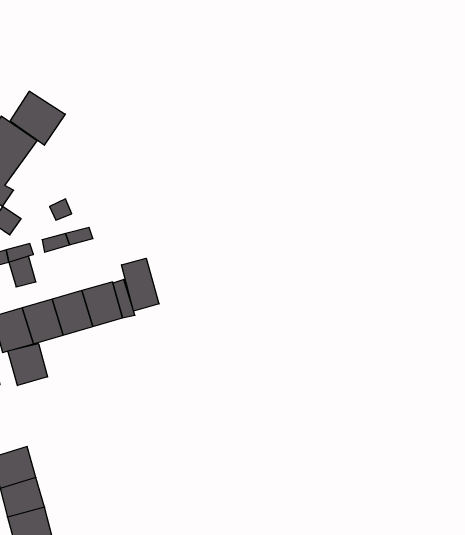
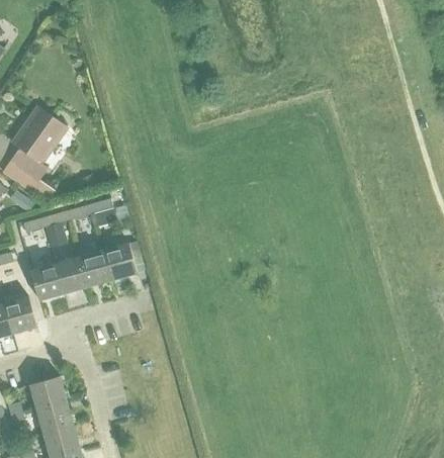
building: [10,91,65,145] -> none
building: [122,258,159,311] -> none
building: [8,344,48,386] -> none

